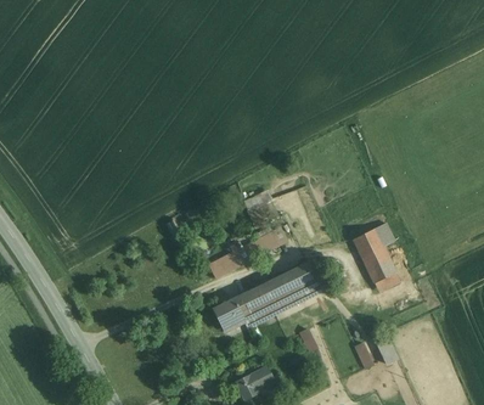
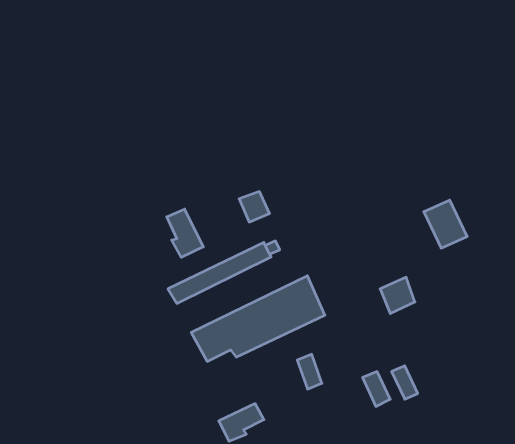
building: none -> [167,209,203,257]
building: [354,231,390,271] -> [424,200,467,248]

